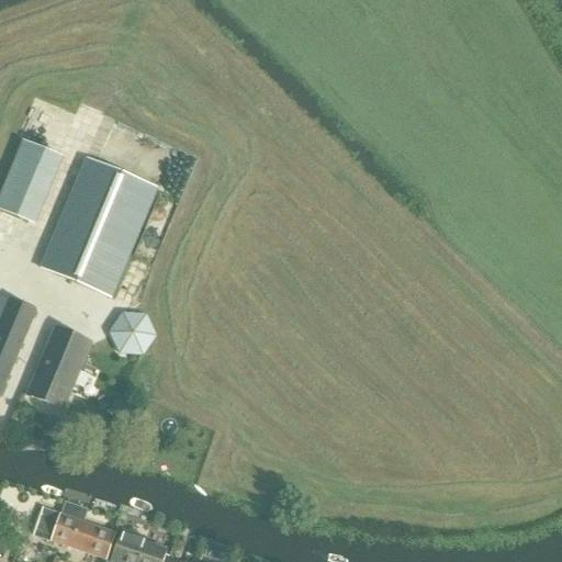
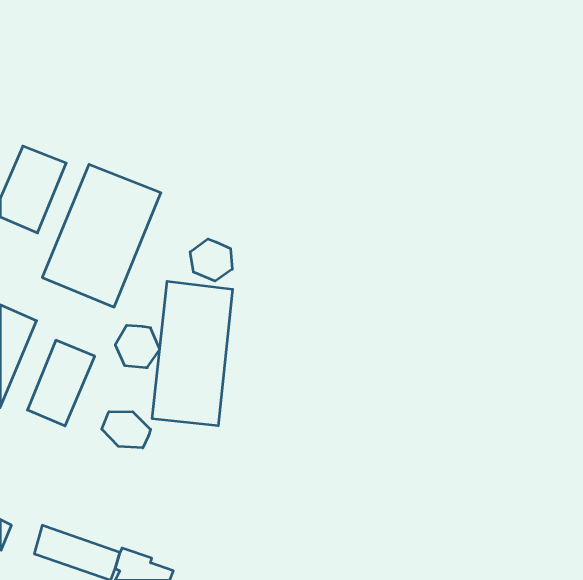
building: none -> [190,239,232,281]
building: none -> [152,281,233,426]
building: none -> [102,412,151,448]

